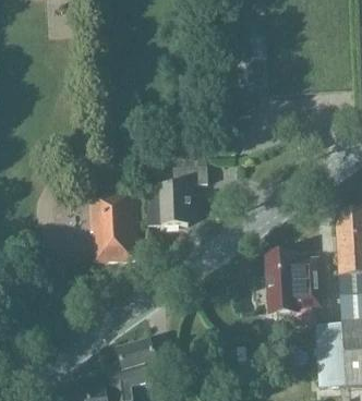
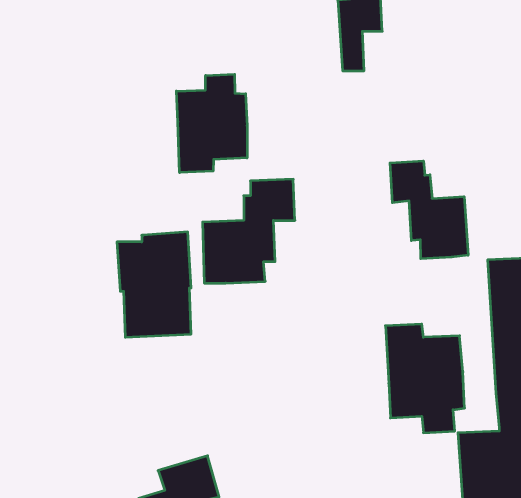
building: none -> [176,74,247,173]
building: none -> [390,161,468,259]

